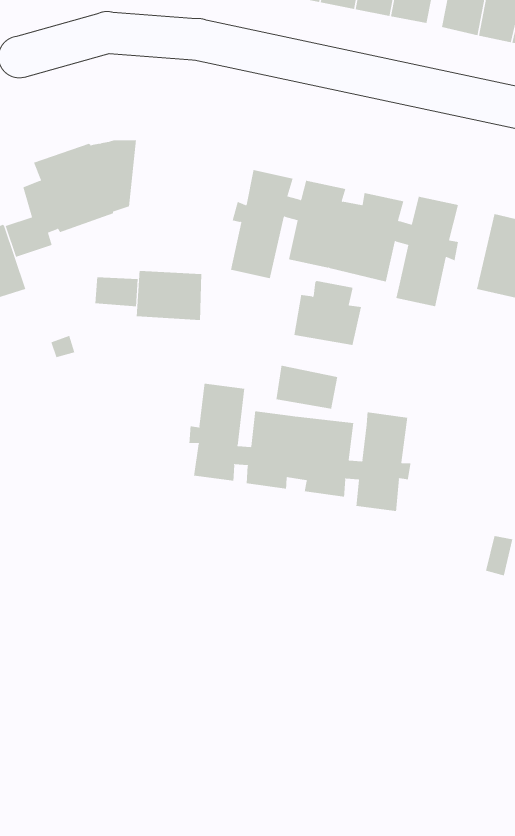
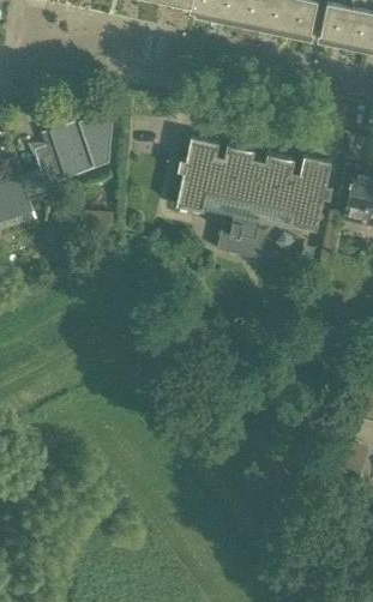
building: [136,270,202,321] -> none
building: [276,365,338,409] -> none
building: [189,383,411,512] -> none

